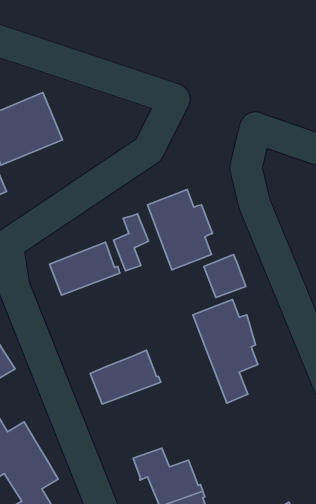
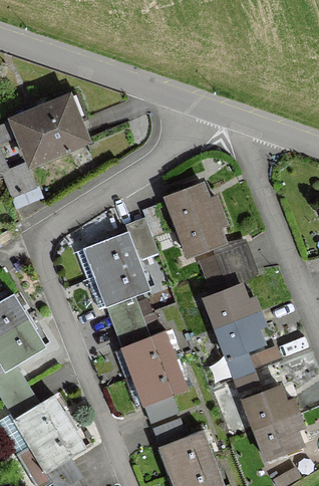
building: none -> [86,260,147,308]
building: none -> [108,299,153,341]
building: none -> [123,359,186,424]
building: none -> [244,388,303,461]

